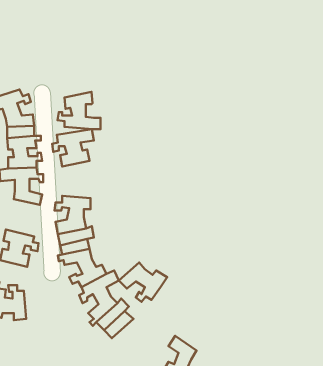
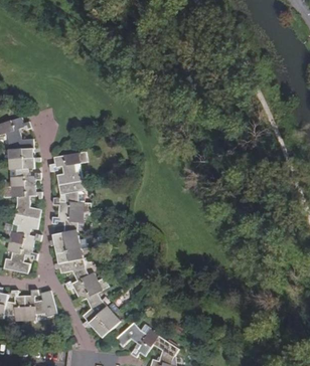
building: [58,92,101,129] -> [52,180,91,213]
building: none -> [8,214,41,247]
building: [119,262,167,302] -> [116,323,159,358]
building: none -> [24,290,57,321]

